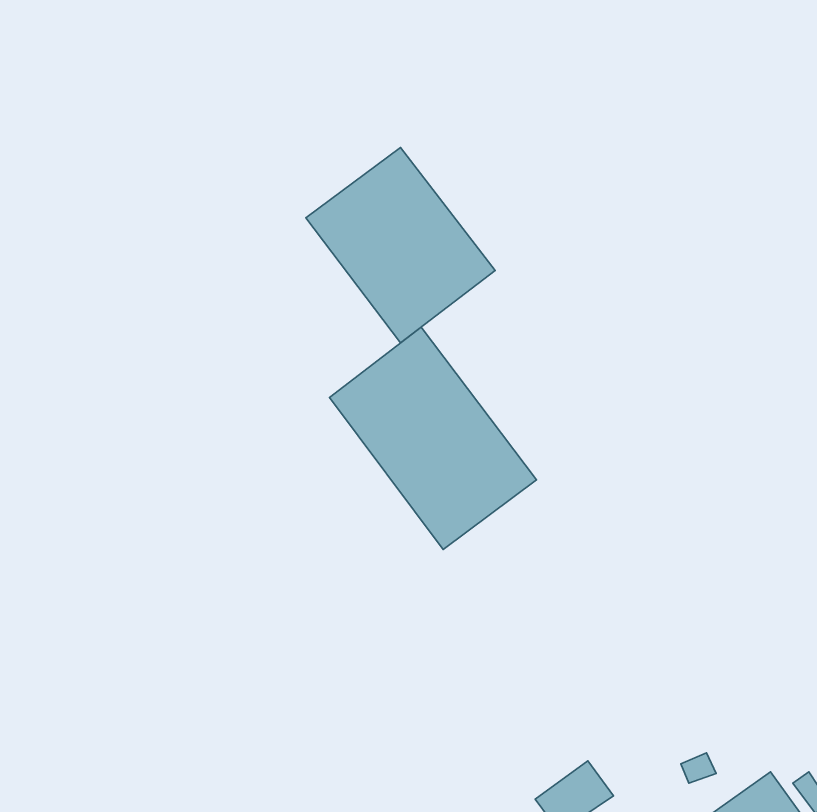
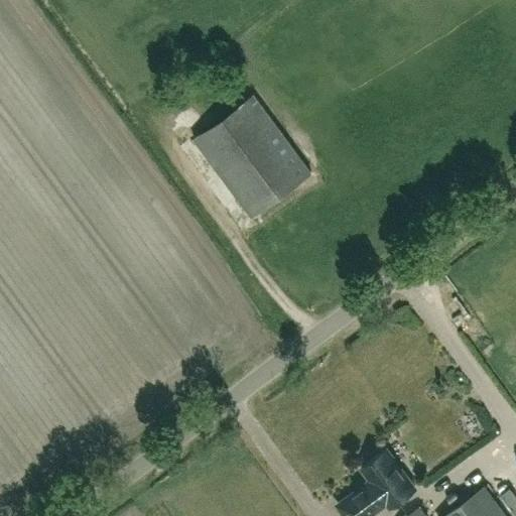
building: [329,327,537,550] -> none
building: none -> [362,452,416,510]

